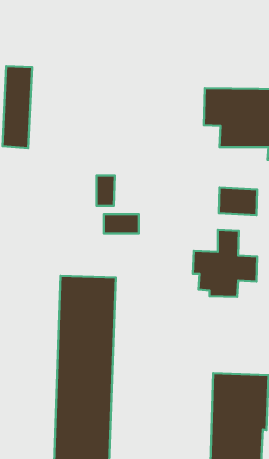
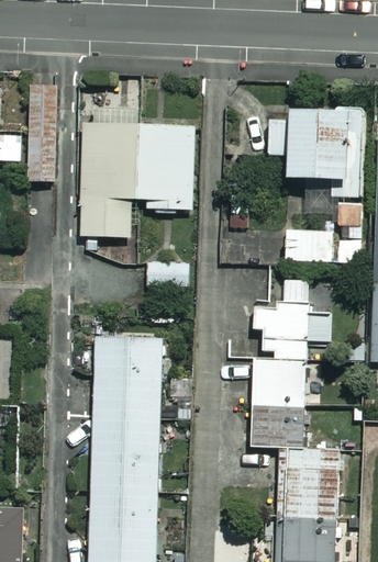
building: none -> [80,123,194,237]
building: none -> [249,358,307,450]

